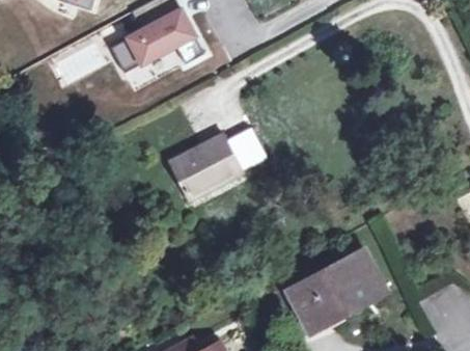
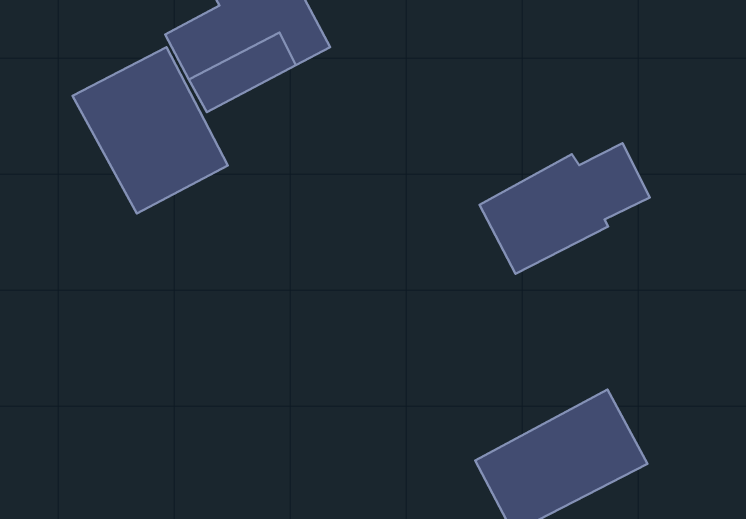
building: none -> [72,47,228,213]
building: [170,128,268,202] -> [479,143,650,274]

